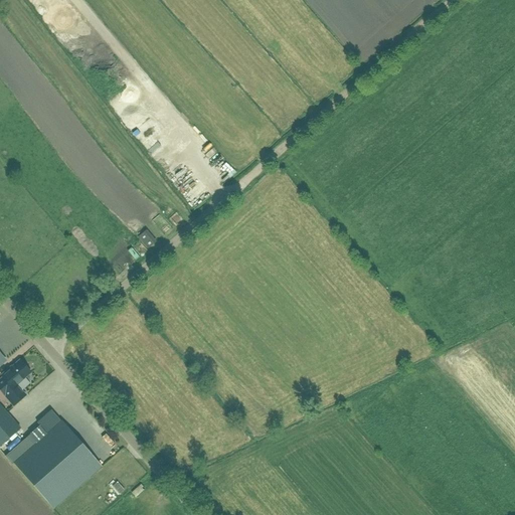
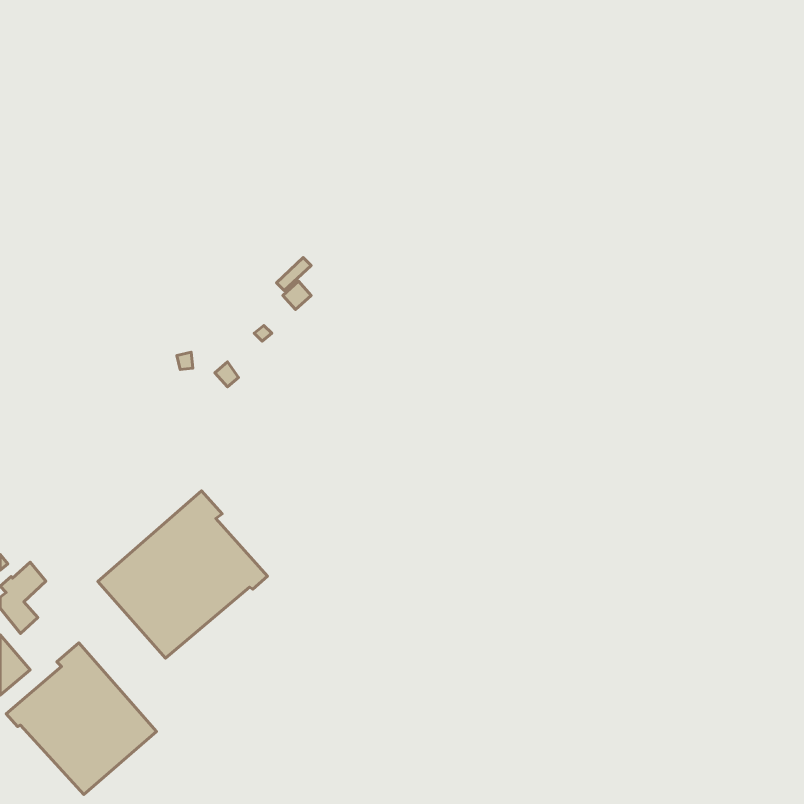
building: none -> [98,491,267,658]

